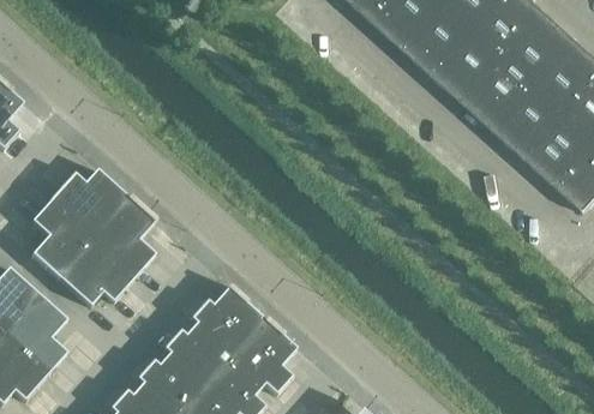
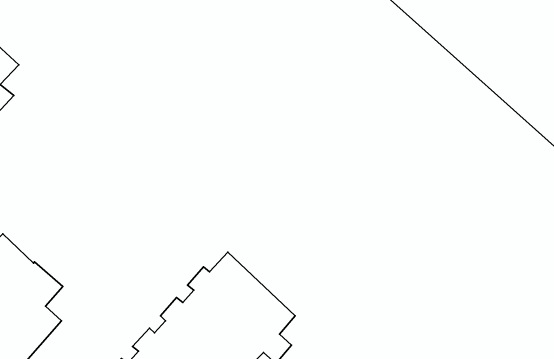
building: [30,169,156,306] -> none

